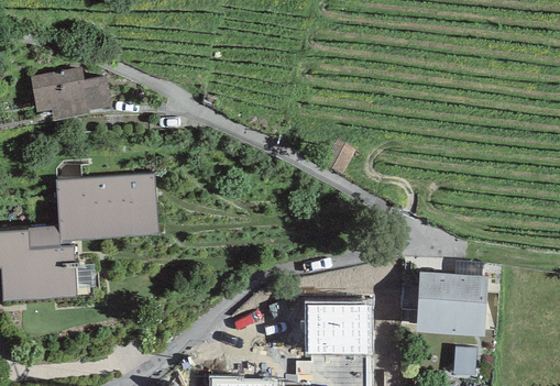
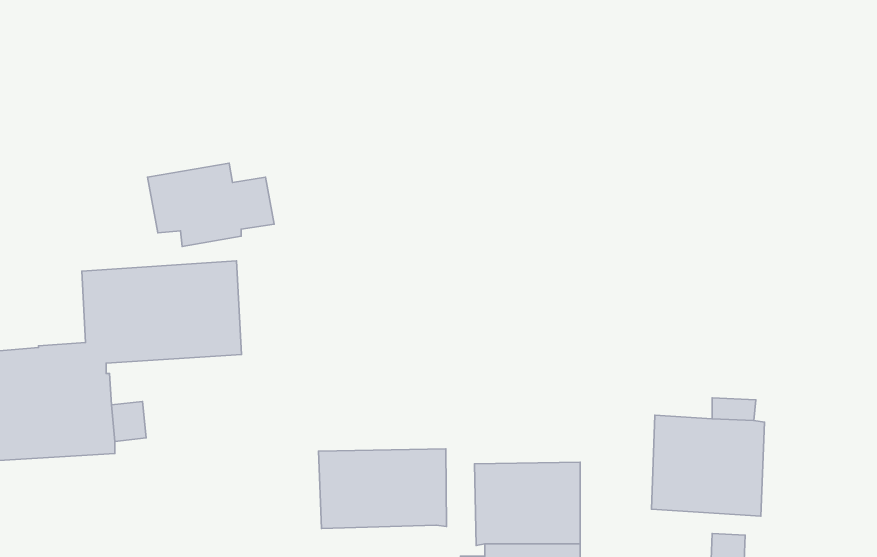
building: [30,67,110,120] -> [147,163,274,247]
building: none -> [319,449,446,529]

